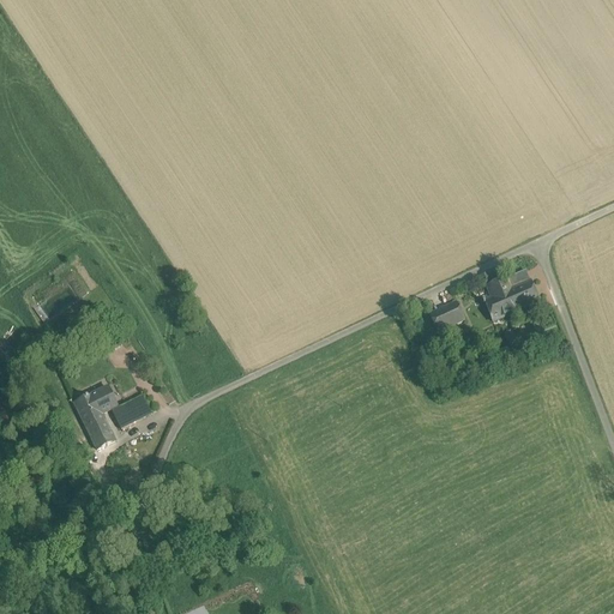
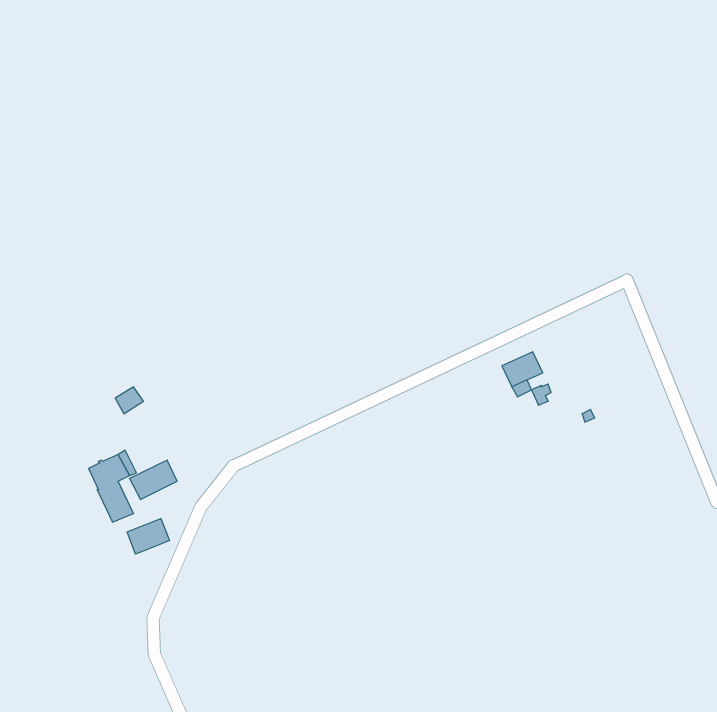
building: [481,275,538,319] -> none
building: none -> [127,518,169,554]

